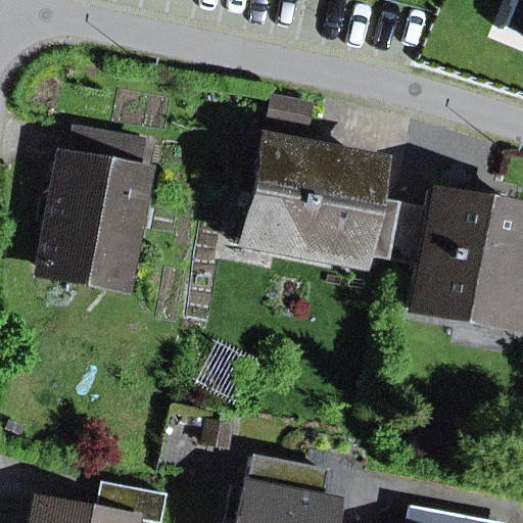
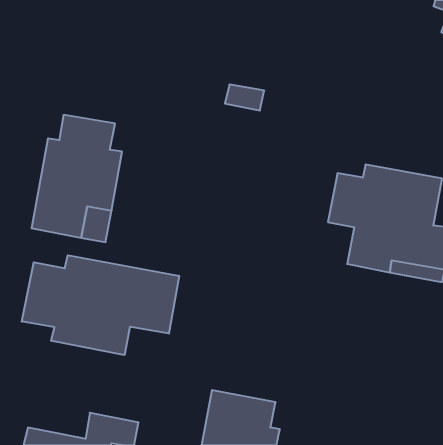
building: [248,140,398,260] -> none
building: none -> [22,255,179,355]

